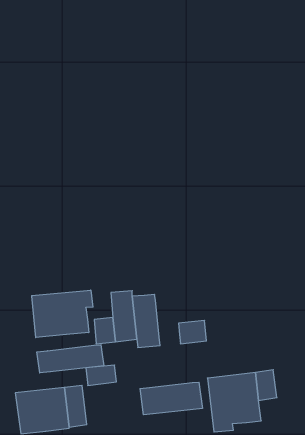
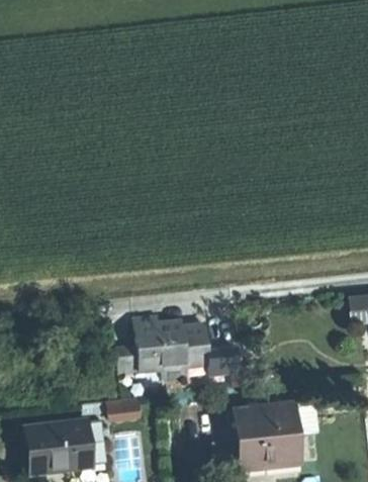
building: [32,290,93,338] -> none
building: none -> [181,325,207,368]
building: [37,345,104,373] -> none
building: [140,382,202,415] -> none

